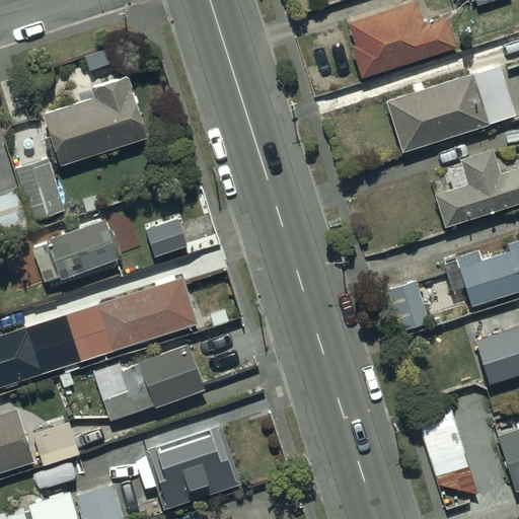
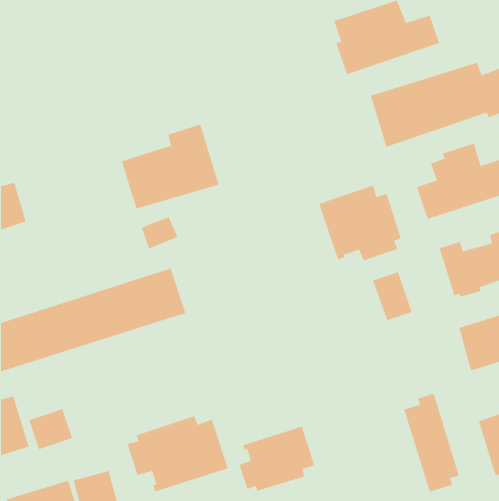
building: [45,77,146,165] -> [121,124,219,209]
building: [16,157,78,221] -> none
building: none -> [318,185,401,261]
building: [33,220,117,282] -> none
building: [91,346,203,421] -> none
building: none -> [239,426,315,492]

